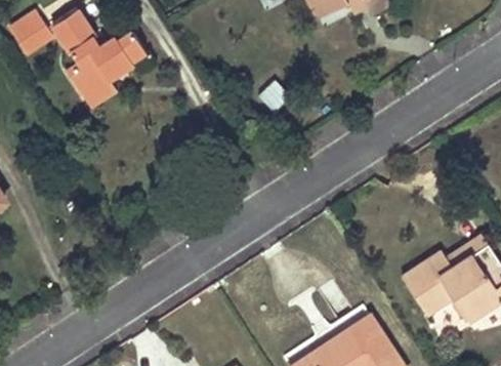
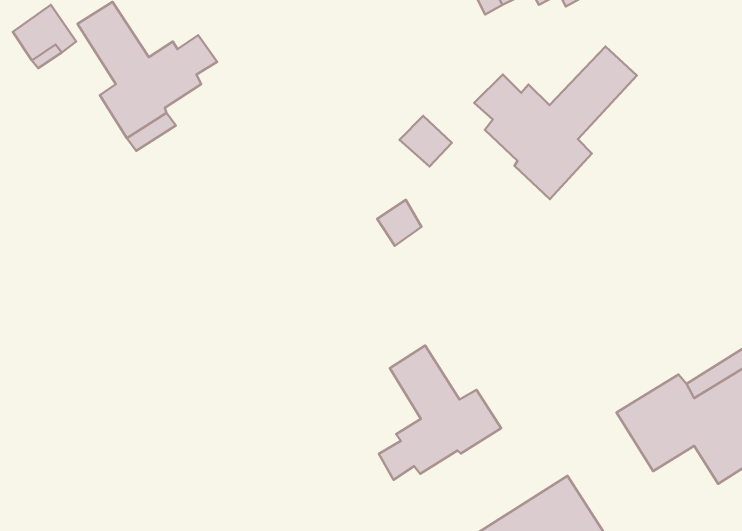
building: none -> [474,46,637,199]
building: none -> [379,346,501,480]

